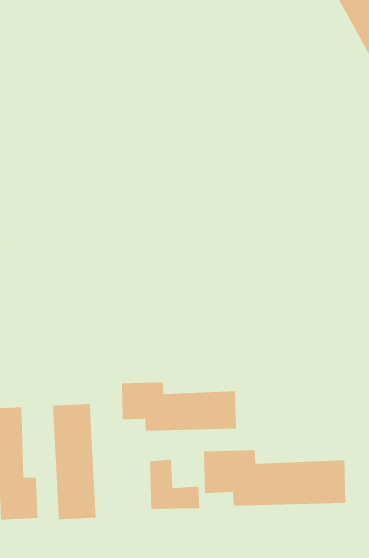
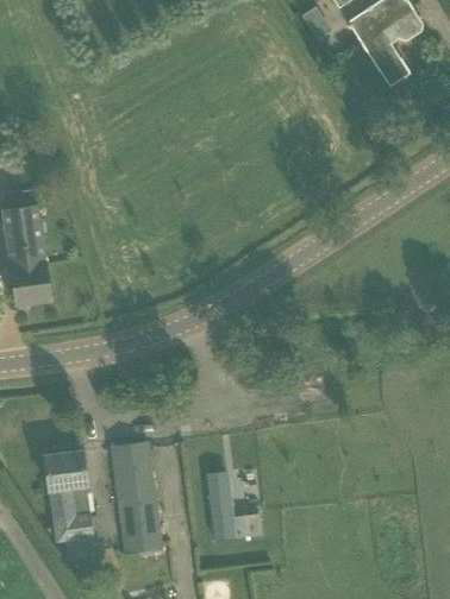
building: [122,382,236,432] -> none
building: [204,449,346,506] -> none

